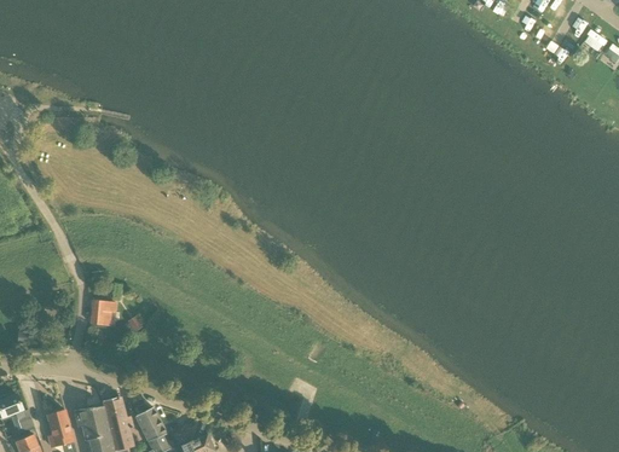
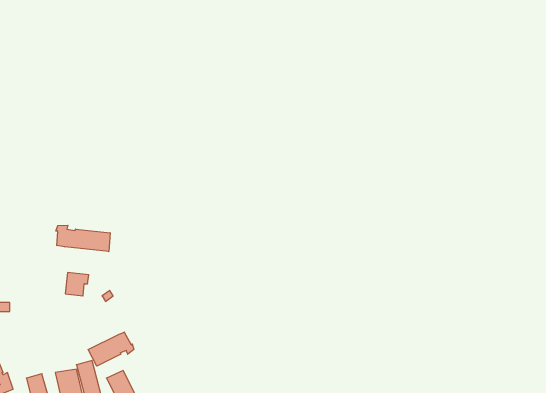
building: none -> [56,225,110,252]
building: none -> [88,332,134,366]

